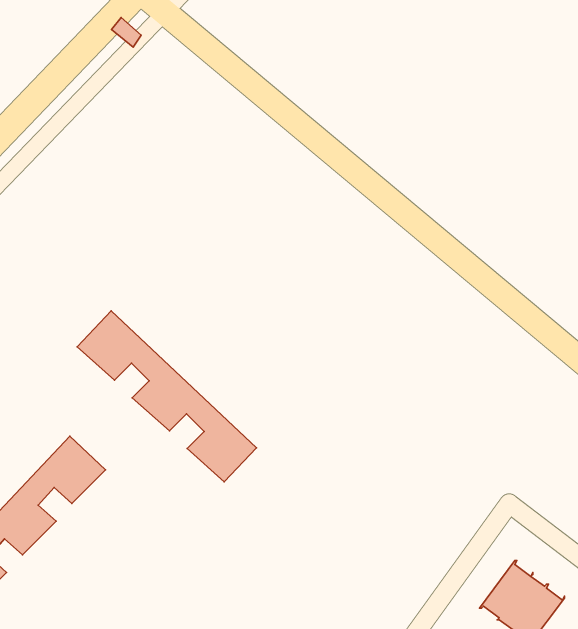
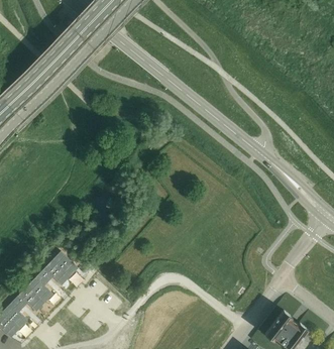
building: [77,311,256,482] -> none

